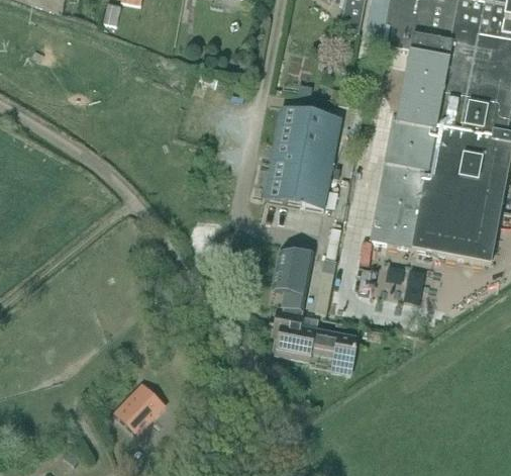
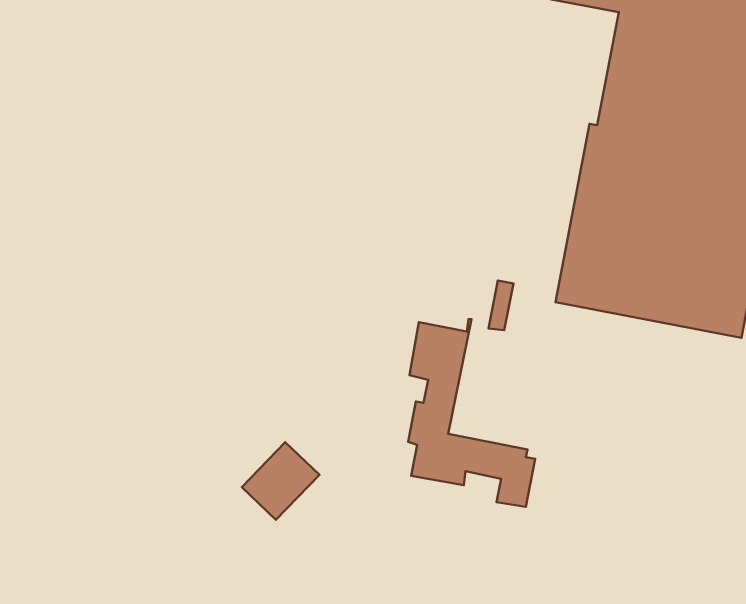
building: [265,104,342,207] -> none
building: [114,380,165,431] -> [242,442,319,520]

